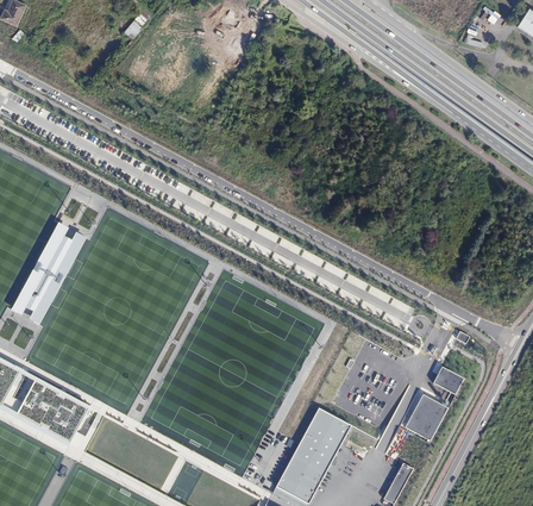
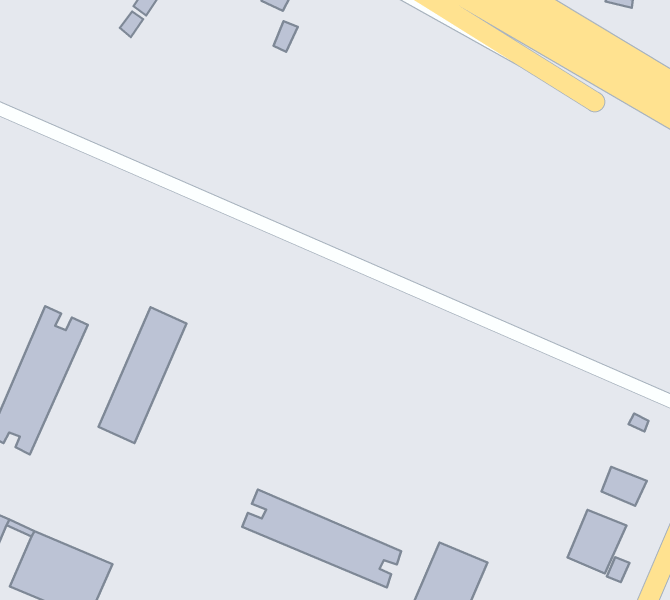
building: none -> [99,307,186,443]
building: none -> [242,490,401,587]

